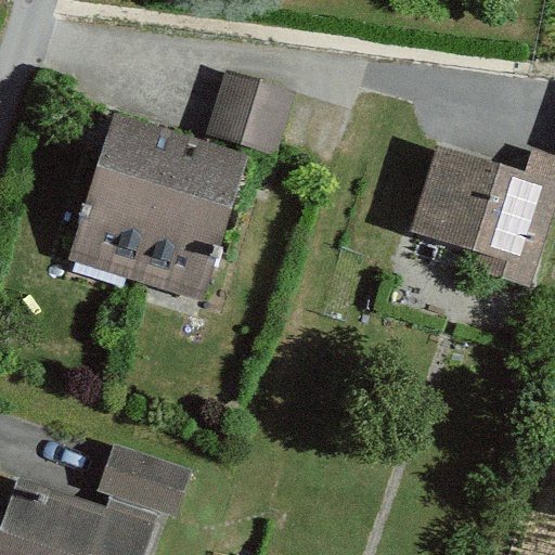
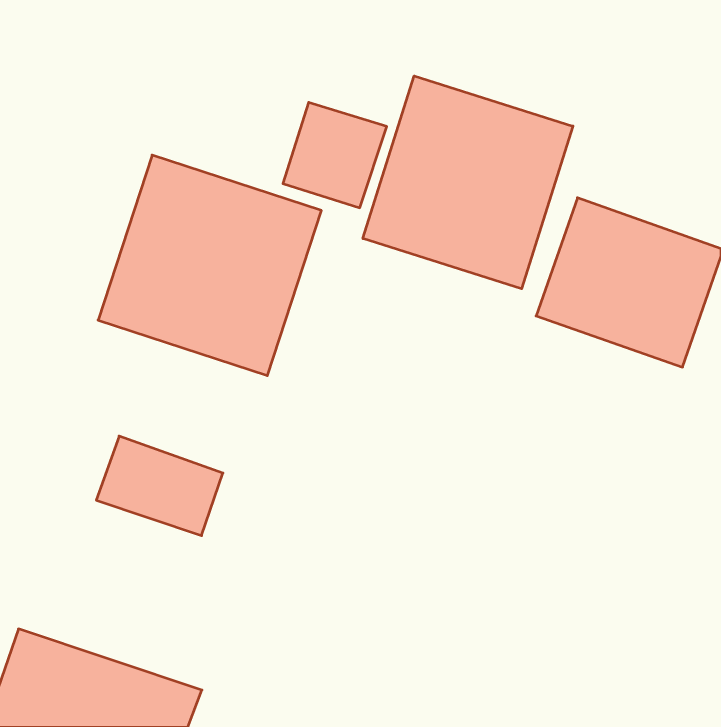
building: none -> [363,76,573,289]
building: [92,443,189,519] -> [96,436,223,536]

